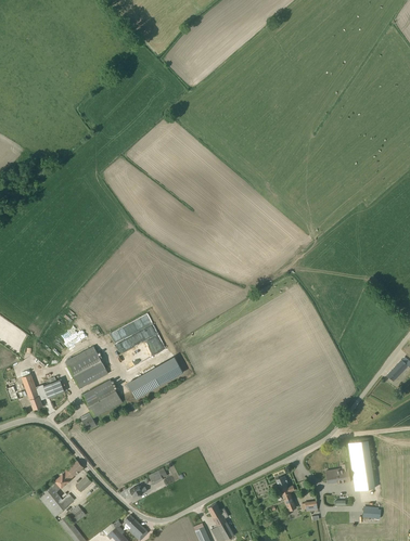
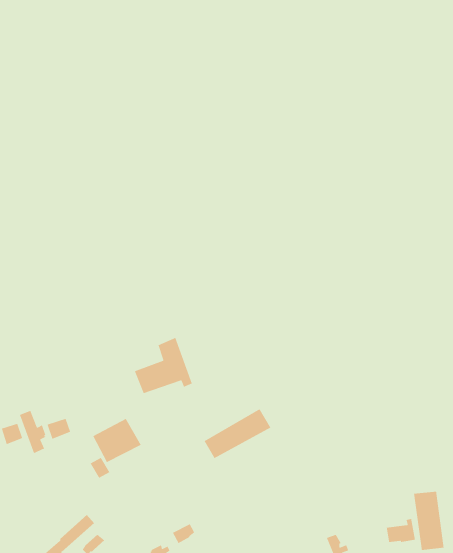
building: [65,346,108,389] -> none
building: [127,356,183,398] -> [204,408,271,459]

